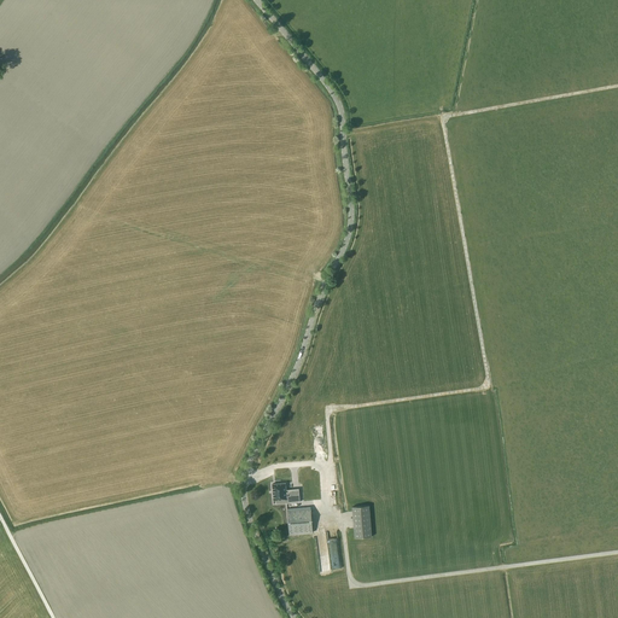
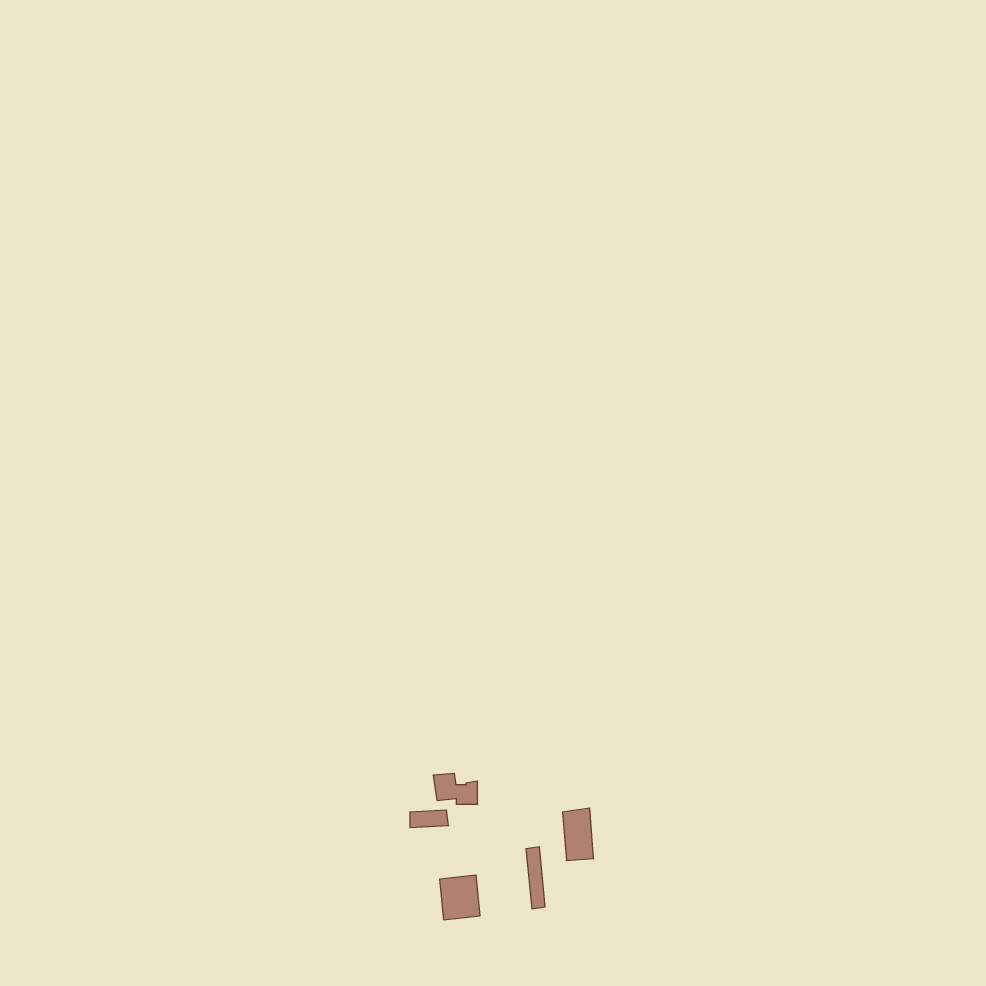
building: [286,508,311,536] -> [440,875,480,920]

